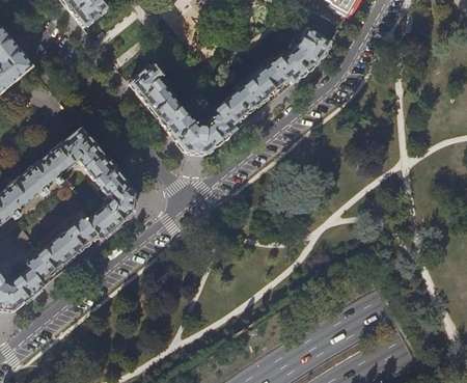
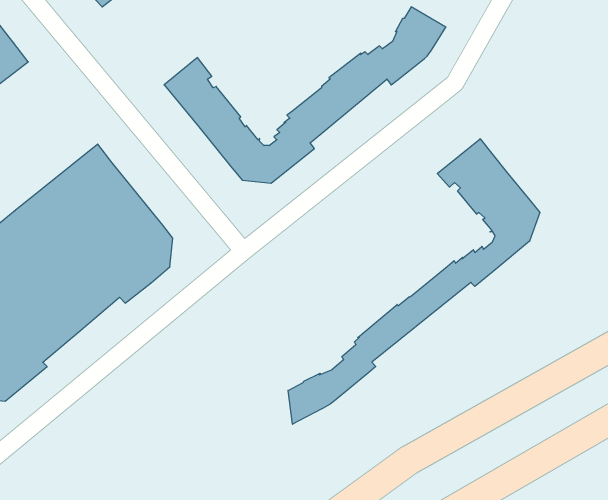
building: none -> [288,139,540,424]

